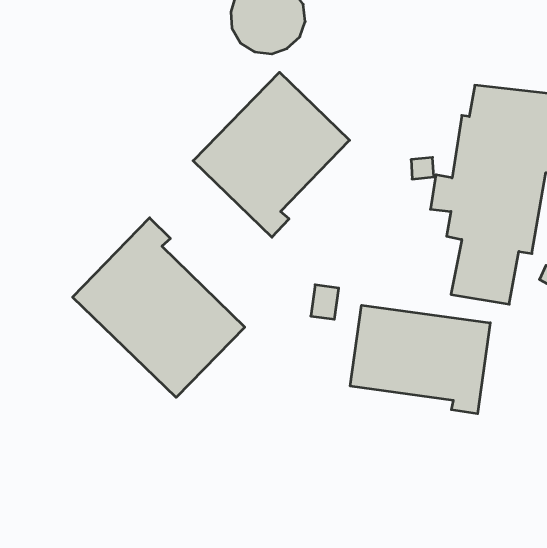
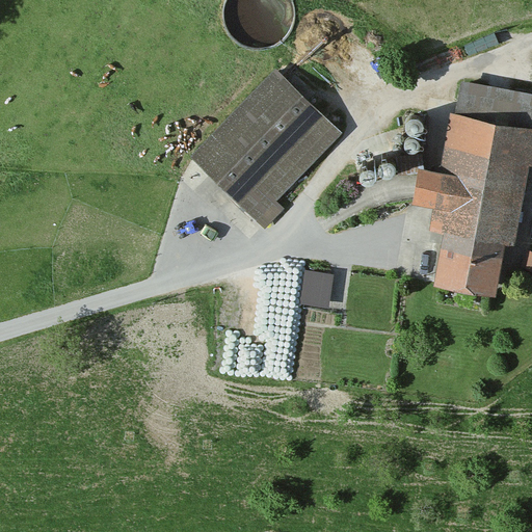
building: [73,218,245,397] -> none
building: [350,305,490,414] -> none

